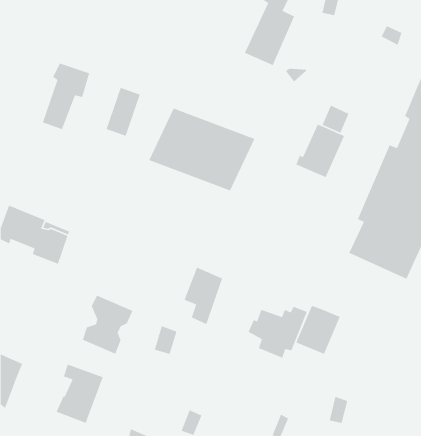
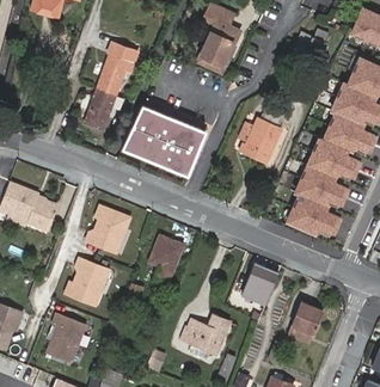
building: [42,62,90,130] -> [98,39,137,94]
building: none -> [85,205,130,253]
building: [248,306,308,359] -> [182,314,231,357]
building: none -> [289,301,324,342]

